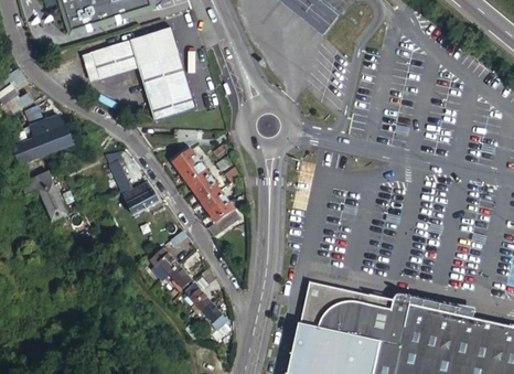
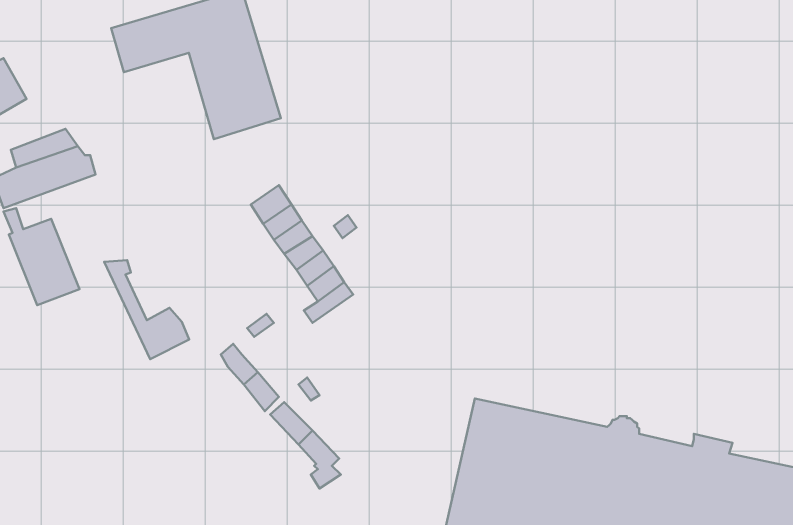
building: [105,154,158,216] -> [104,260,189,359]

